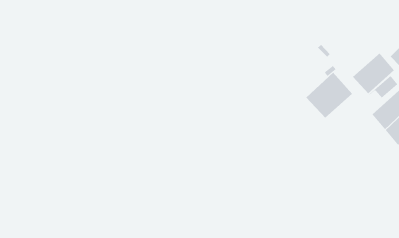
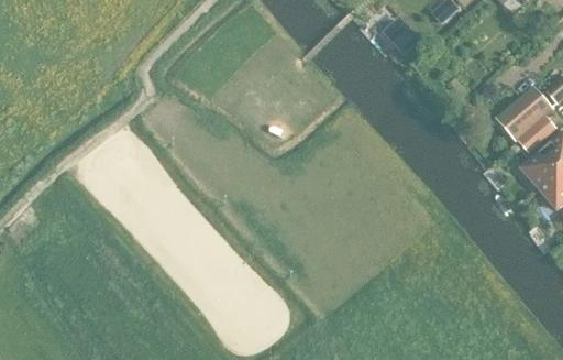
building: [306,72,353,118] -> none

